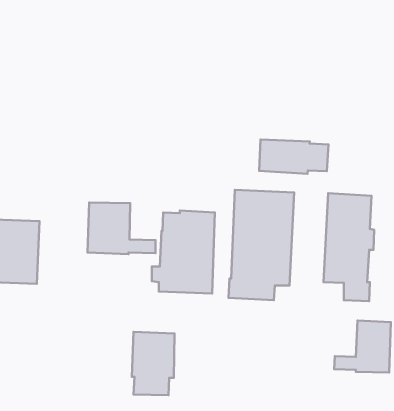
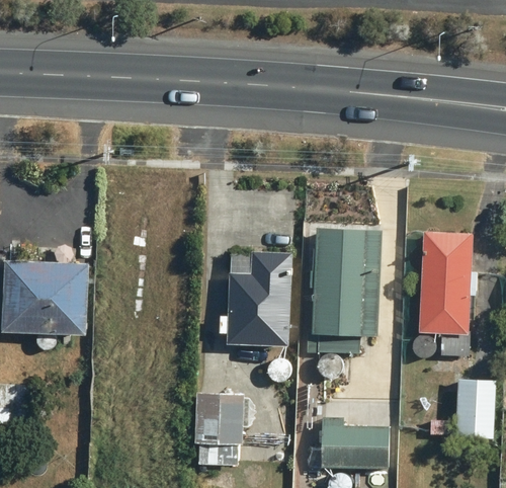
building: [259,139,329,174] -> none
building: [88,203,156,254] -> none
building: none -> [321,417,390,469]

